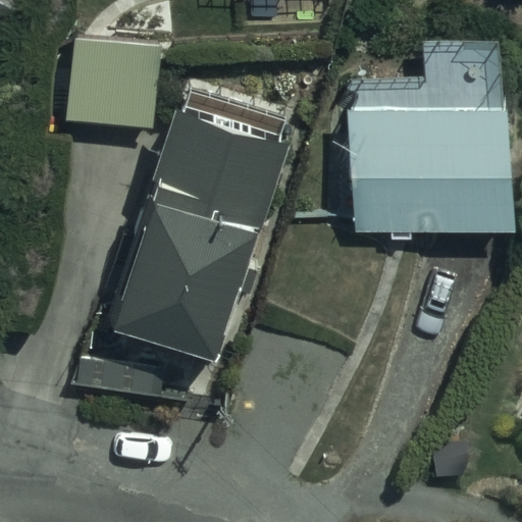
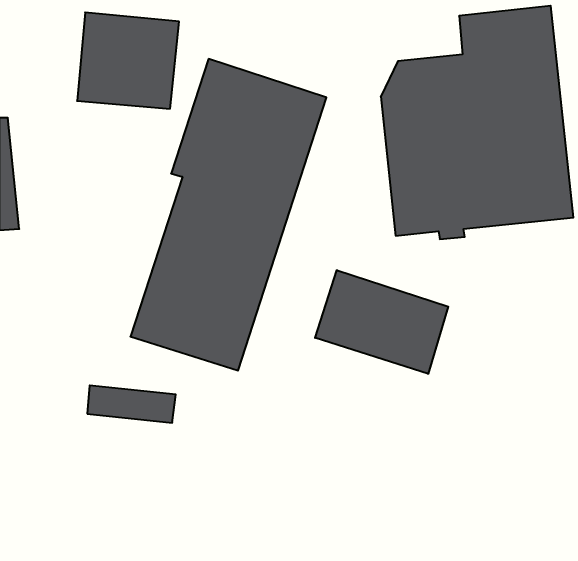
building: none -> [315,270,448,374]

